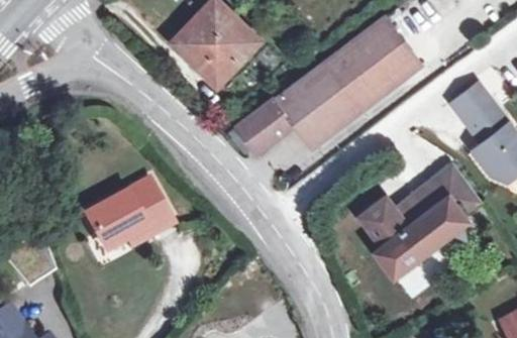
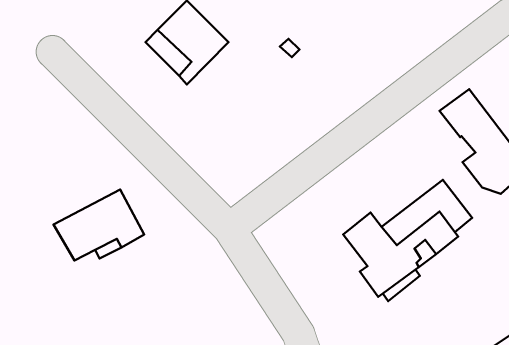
building: [238,16,420,150] -> none

